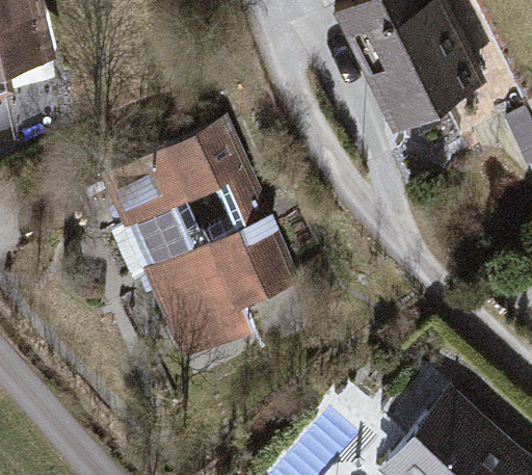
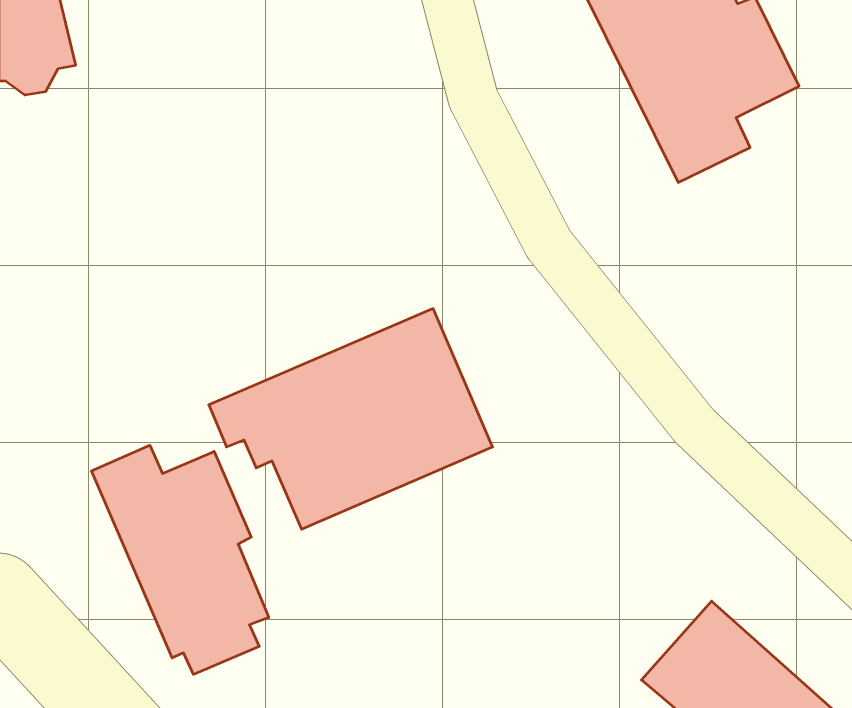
building: [121,132,265,260] -> none
building: none -> [92,445,269,674]

